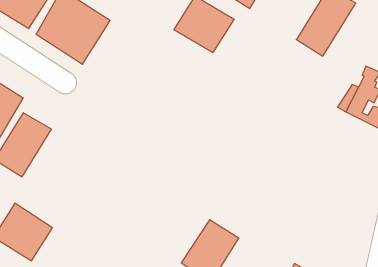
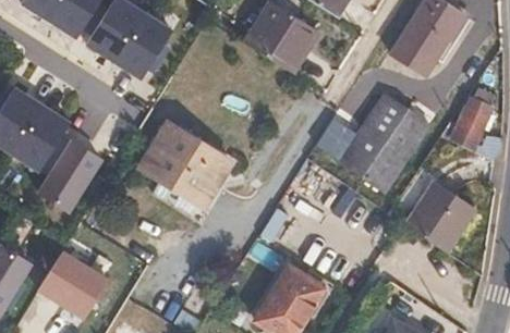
building: none -> [330,91,430,187]
building: none -> [142,122,231,203]
building: none -> [408,180,475,250]

